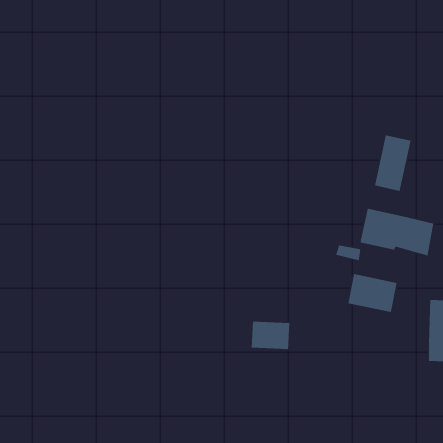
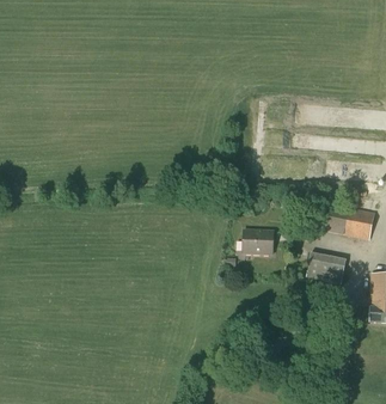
building: [374,134,411,192] -> none
building: [251,321,290,350] -> [243,229,274,252]

